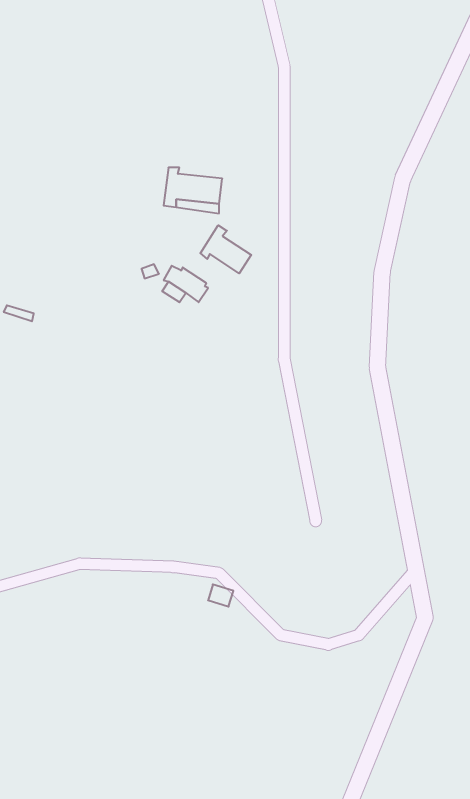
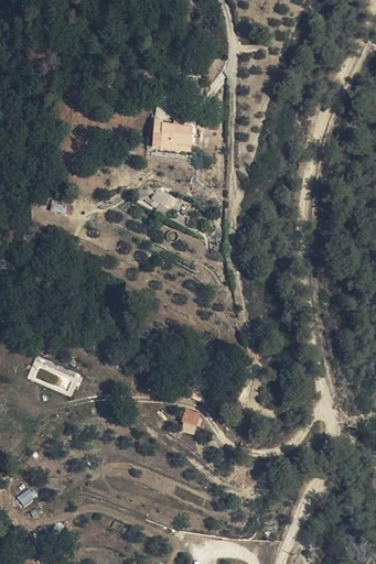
building: [200,225,251,273] -> none

